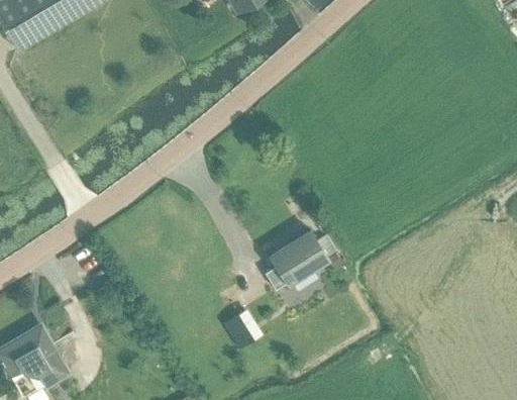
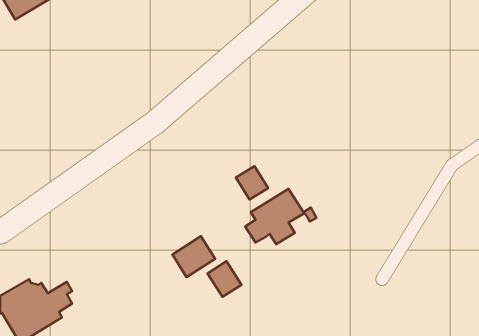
building: none -> [236,166,268,200]
building: none -> [172,236,215,277]

